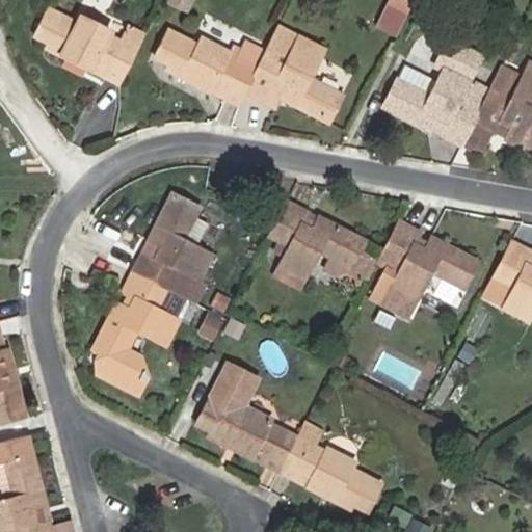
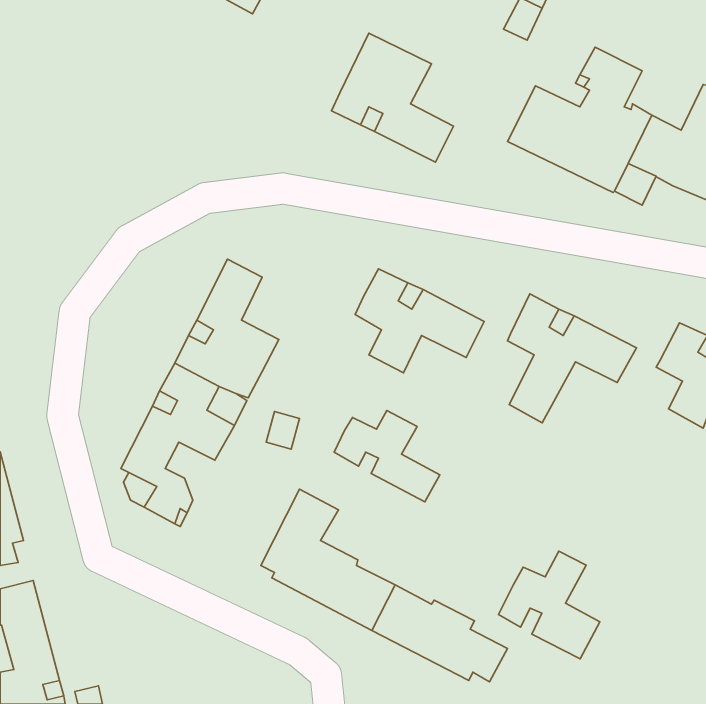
building: [35,9,142,83] -> none
building: [155,30,257,104] -> none
building: none -> [334,411,440,502]
building: none -> [499,551,600,659]

